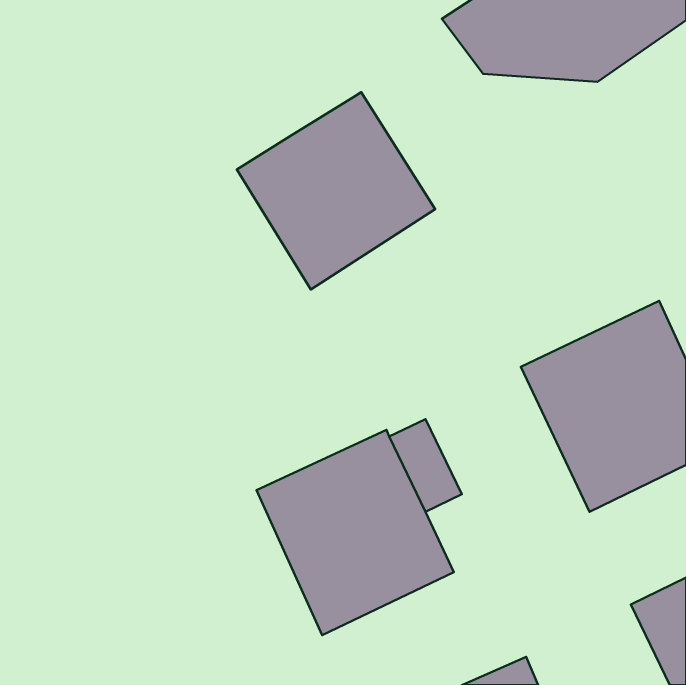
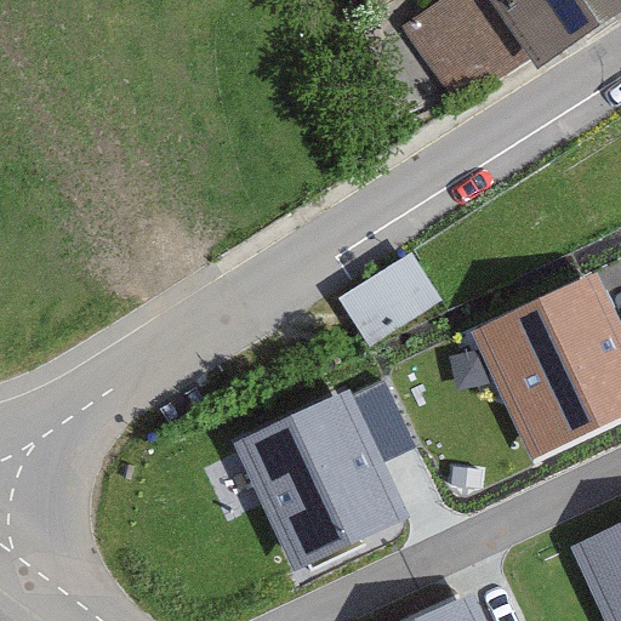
building: [237,92,435,290] -> none
building: none -> [340,251,444,347]

